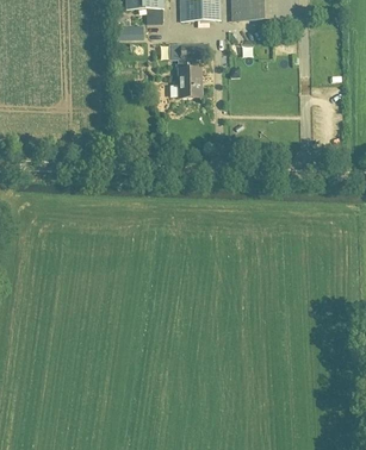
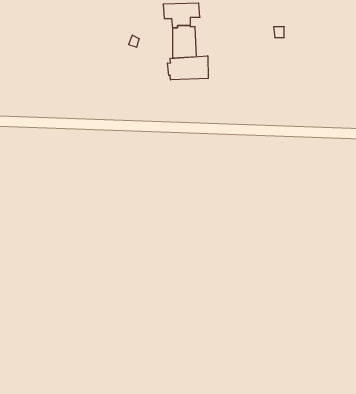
building: none -> [168,56,208,80]

